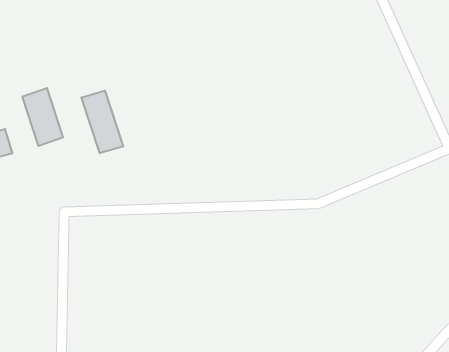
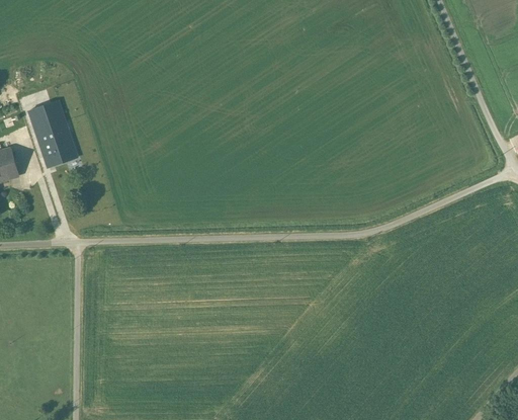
building: [81,91,123,153] -> none

